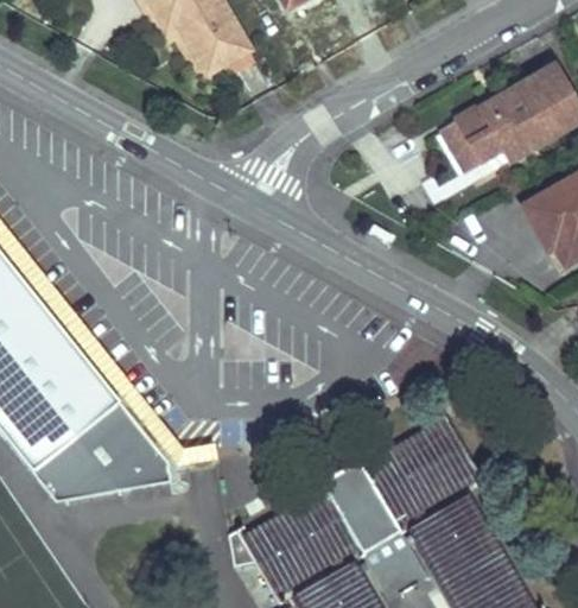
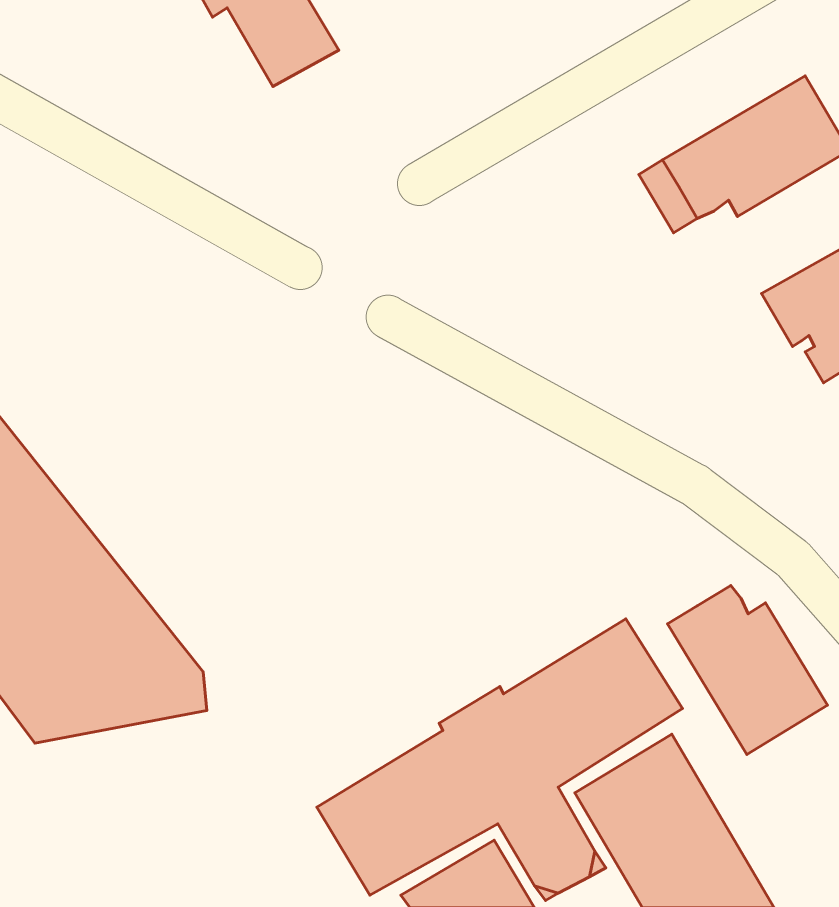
building: none -> [667,585,827,755]

